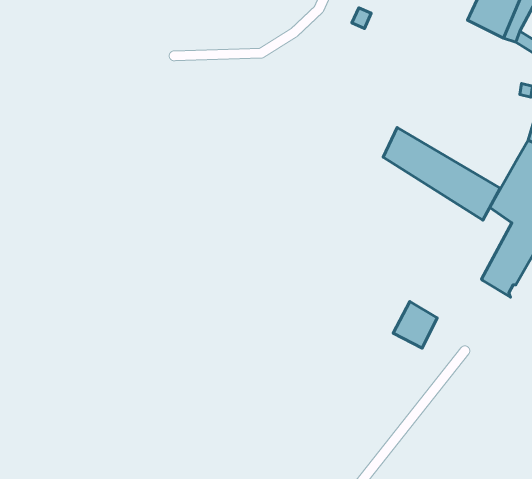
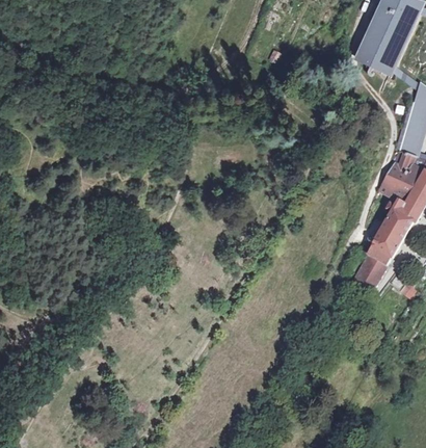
building: [383,127,500,220] -> none
building: [393,301,437,348] -> [353,255,387,290]

